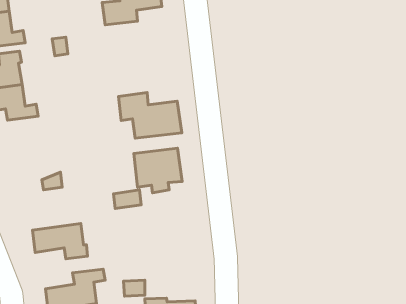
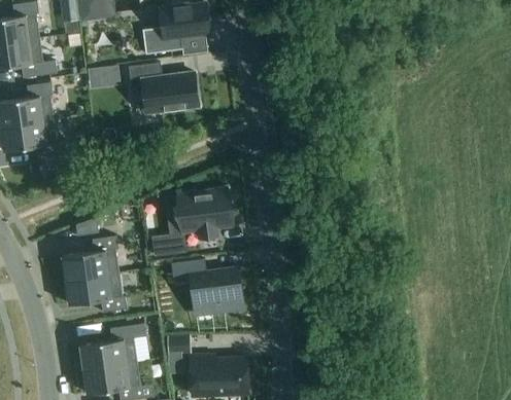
building: [118,93,182,138] -> [130,63,200,113]
building: none -> [62,235,118,280]
building: none -> [170,258,243,311]

